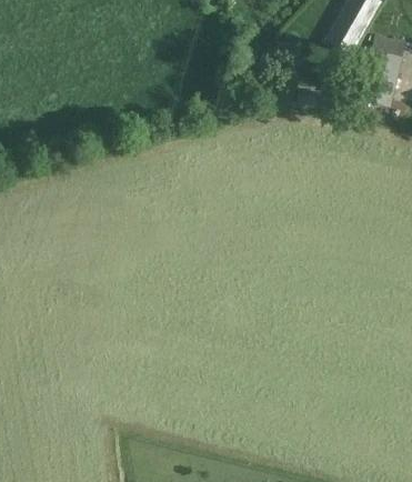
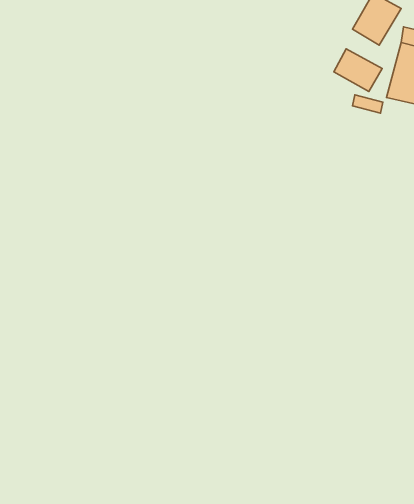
building: none -> [334,49,382,92]

